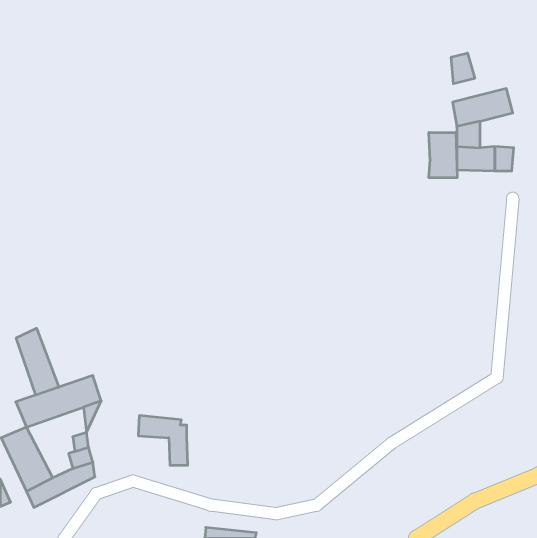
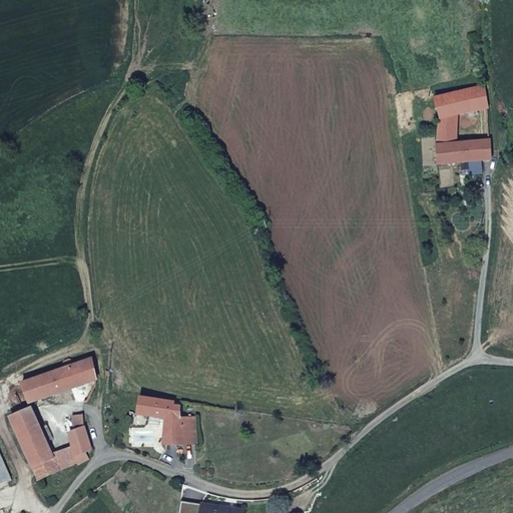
building: [451,53,475,84] -> none
building: [429,132,457,178] -> none
building: [16,328,59,395] -> none
building: none -> [179,415,197,442]

